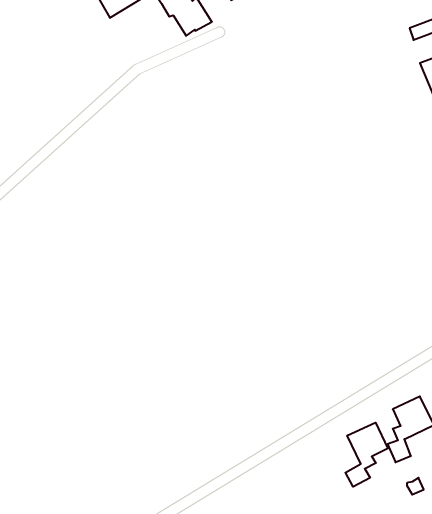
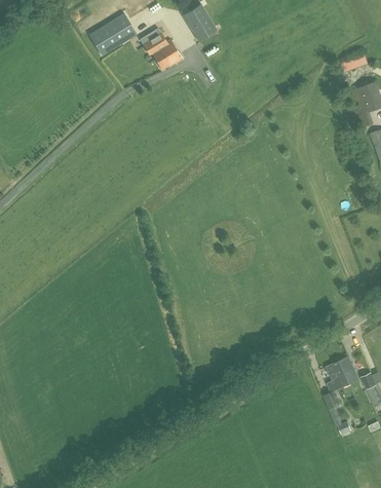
building: [345,423,388,487] -> none

